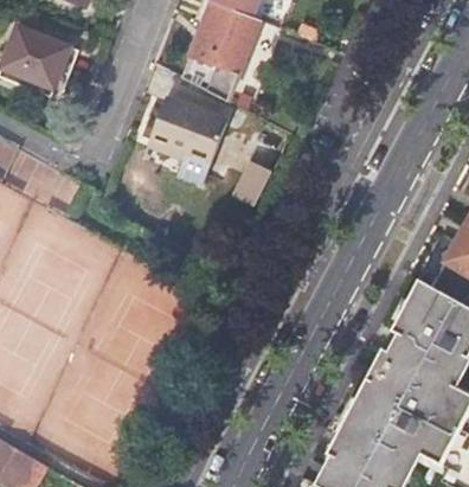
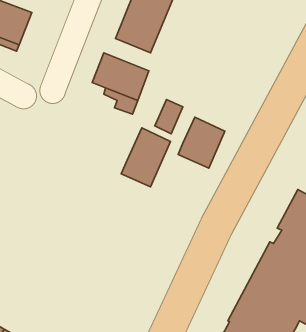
building: none -> [178,117,225,168]
building: none -> [121,128,171,187]

